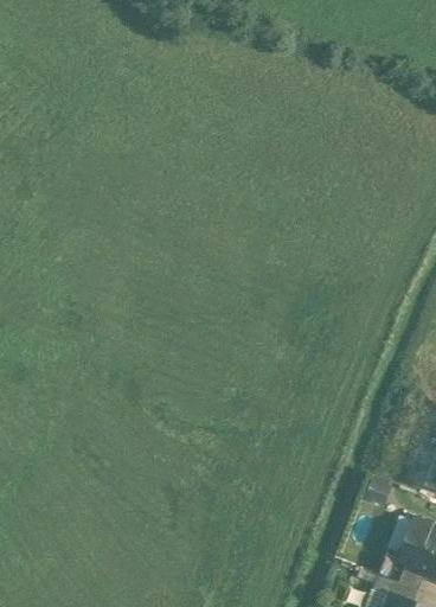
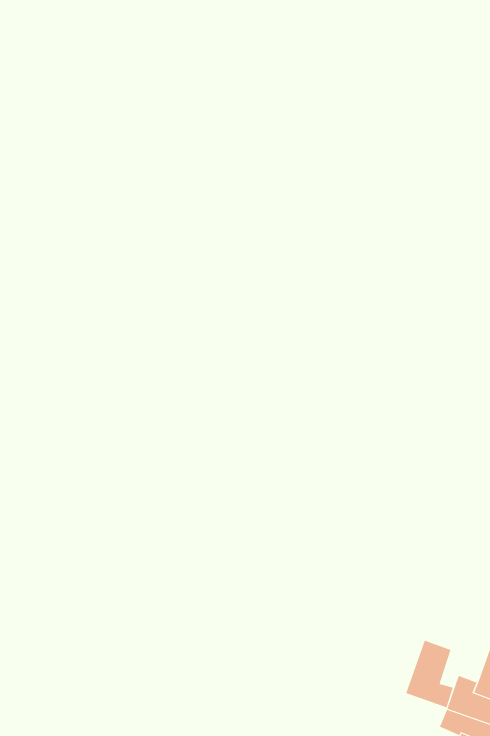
building: none -> [406,640,453,708]

